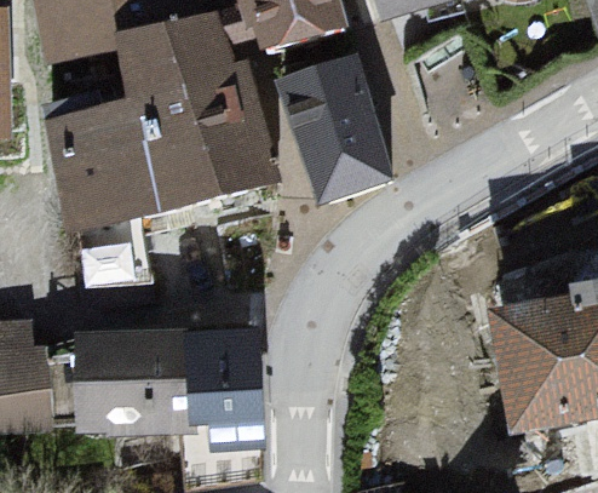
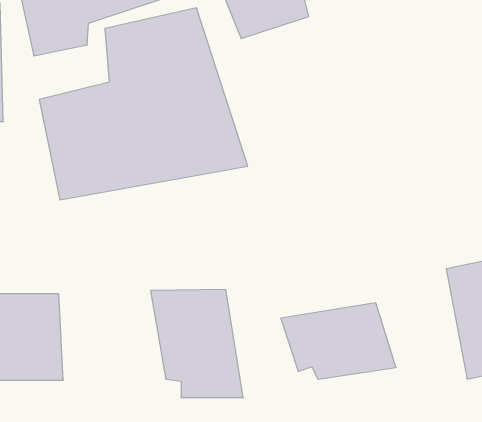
building: [269,61,391,210] -> none
building: [69,331,177,430] -> none
building: none -> [281,303,396,379]

